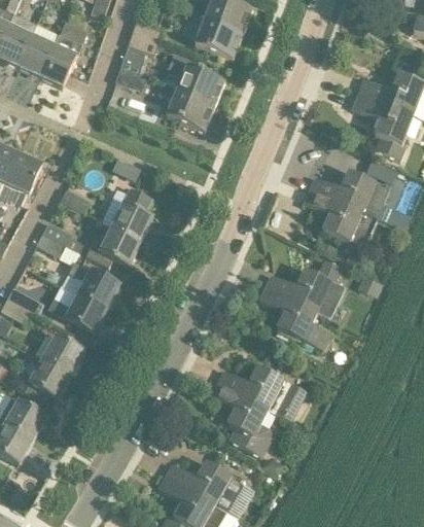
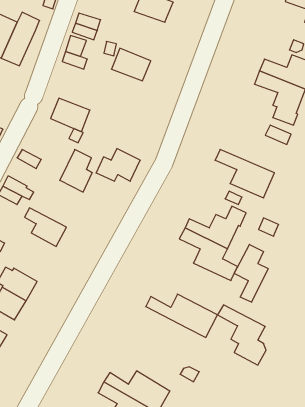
building: [195,19,242,59] -> none
building: [166,90,214,131] -> [51,98,90,132]
building: [310,170,389,217] -> none
building: [86,226,141,267] -> [96,149,140,181]
building: [48,291,108,333] -> none
building: none -> [234,244,268,302]
building: [211,382,271,456] -> [218,305,266,365]

